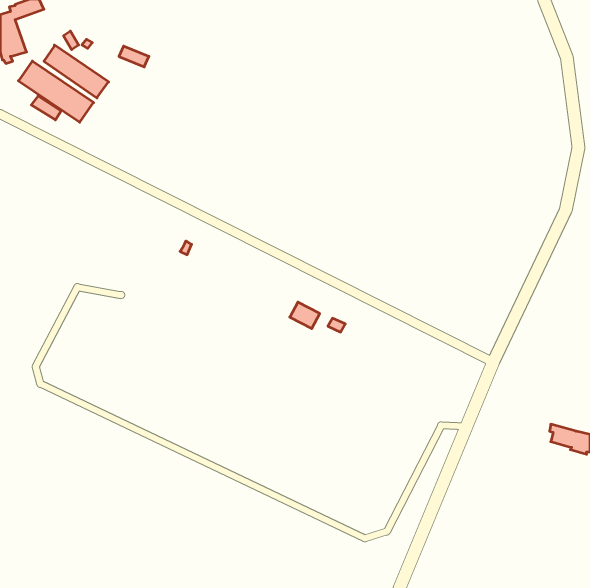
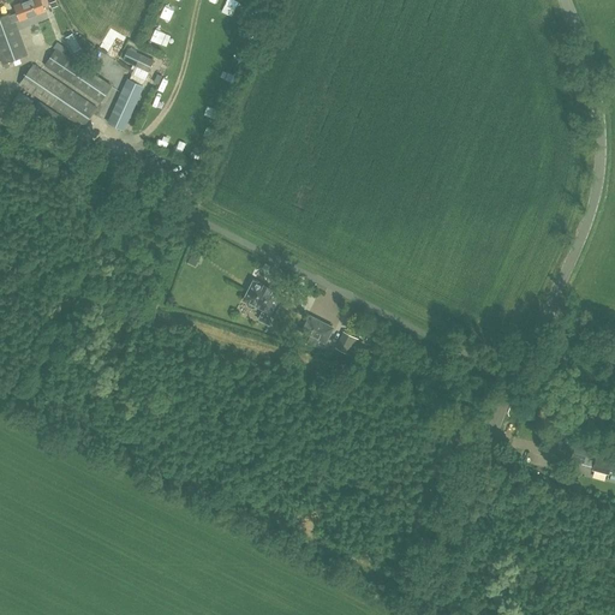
building: none -> [108,78,144,130]
building: none -> [245,277,280,323]

